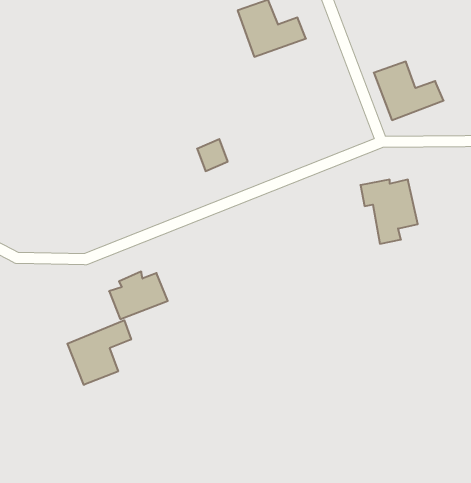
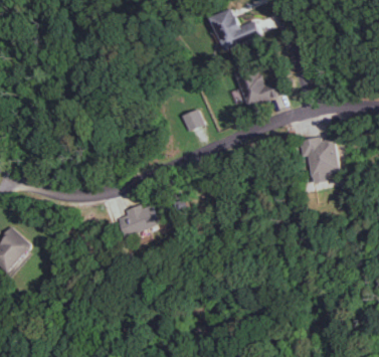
building: [374,62,444,120] -> [233,65,283,108]
building: [67,320,131,385] -> none

